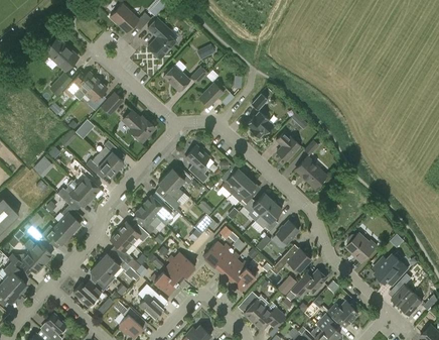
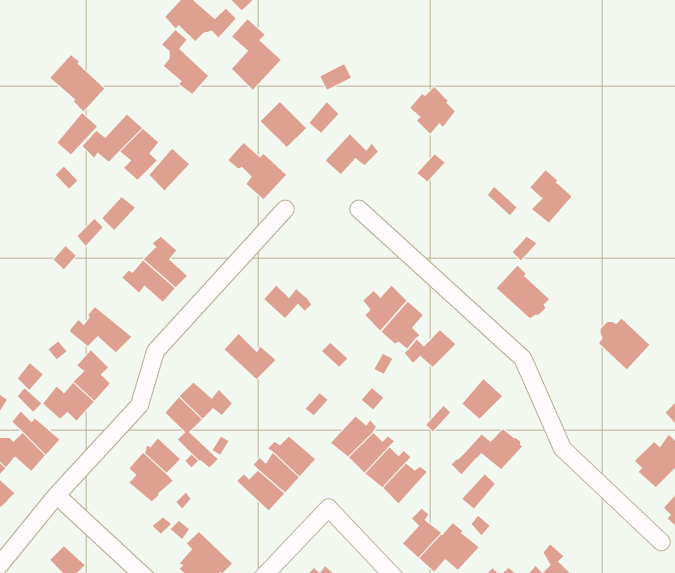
building: none -> [161,29,209,95]
building: [122,111,155,143] -> [227,142,287,200]
building: [246,112,272,139] -> [409,86,456,135]
building: [275,131,299,161] -> [529,170,573,224]
building: [185,146,208,184] -> none
building: [70,162,99,198] -> none
building: [158,177,183,209] -> none
building: [255,202,282,232] -> none
building: [134,205,161,234] -> none
building: [346,233,376,262] -> [598,318,650,370]
building: [291,269,326,298] -> none
building: [72,279,102,307] -> none
building: [139,288,163,319] -> none
building: [326,301,357,324] -> none

